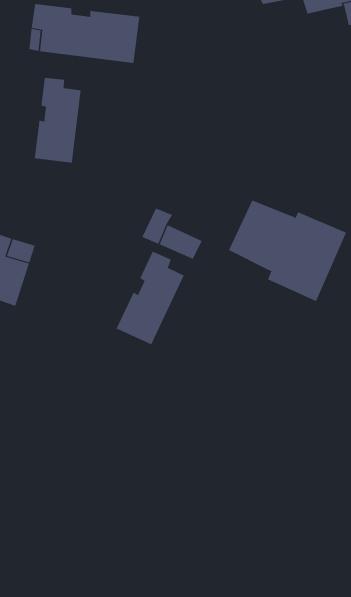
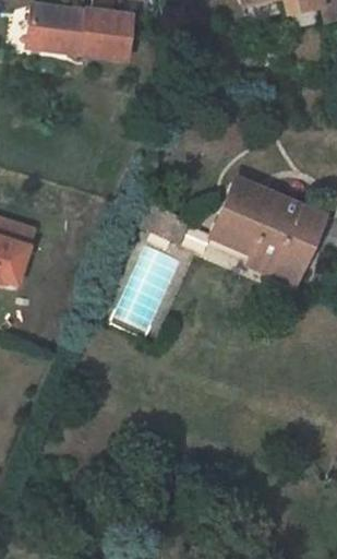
building: [34,77,81,163] -> none
building: [116,251,184,345] -> none

